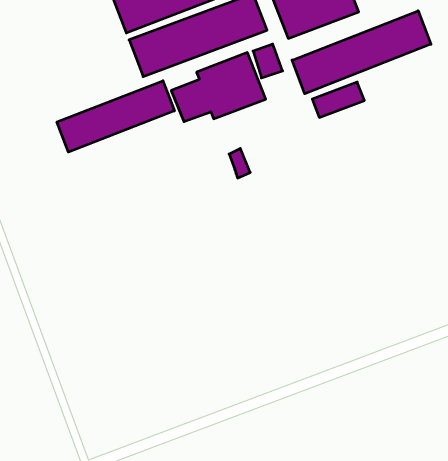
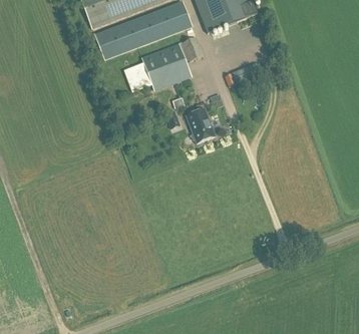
building: [292,11,431,94] -> none
building: [57,81,174,152] -> none
building: none -> [186,107,215,142]

